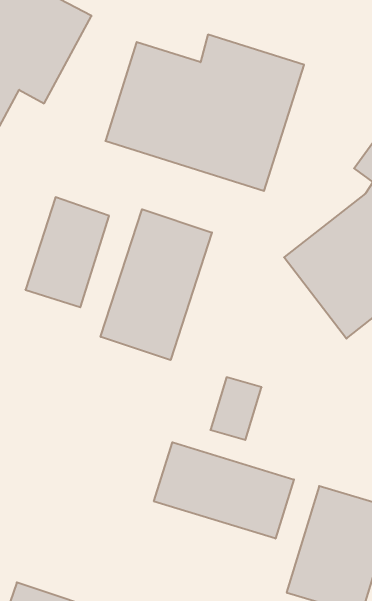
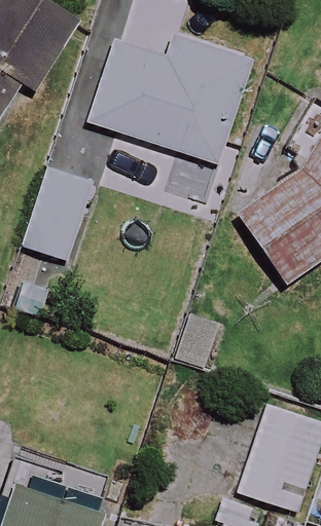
building: [101,209,212,360] -> none
building: [154,442,294,539] -> none

